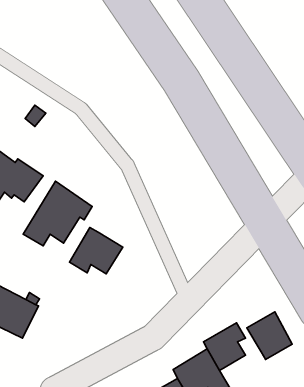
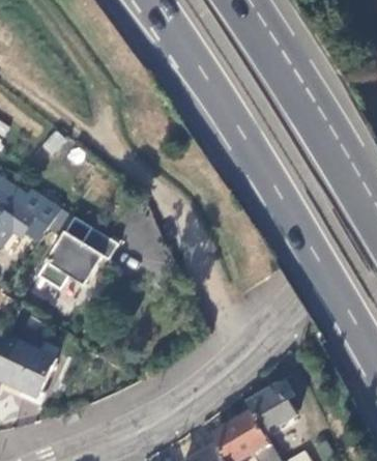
building: [70,228,123,274] -> none
building: [247,312,292,359] -> none

